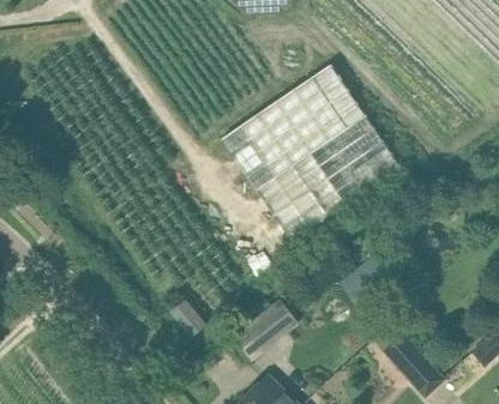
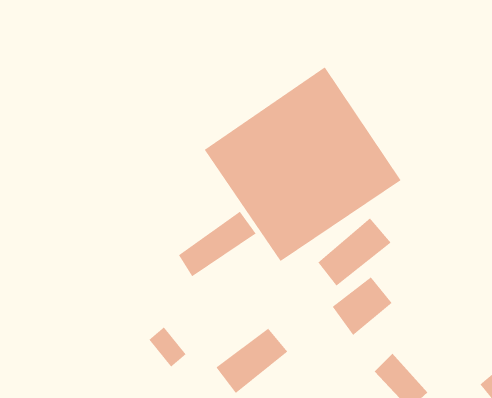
building: none -> [178,211,257,277]
building: none -> [318,218,391,287]

